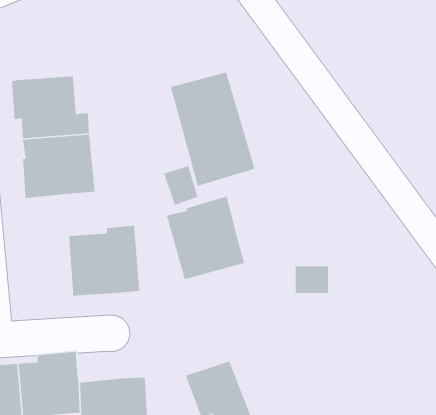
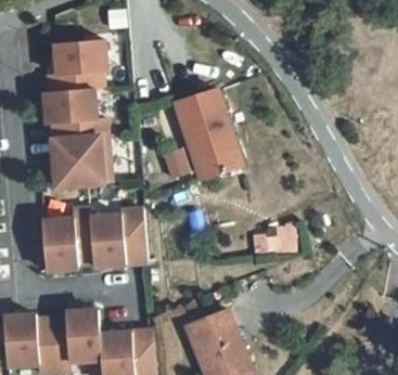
building: none -> [49,40,107,92]
building: [166,196,245,280] -> none
building: none -> [42,208,93,270]

